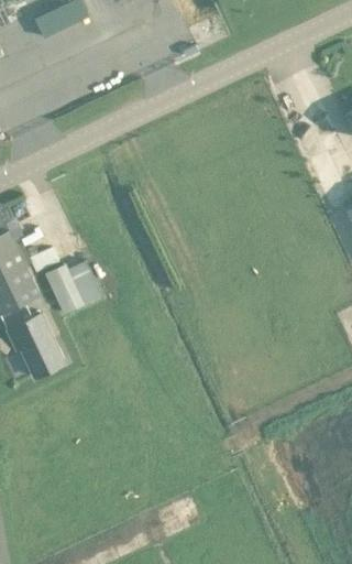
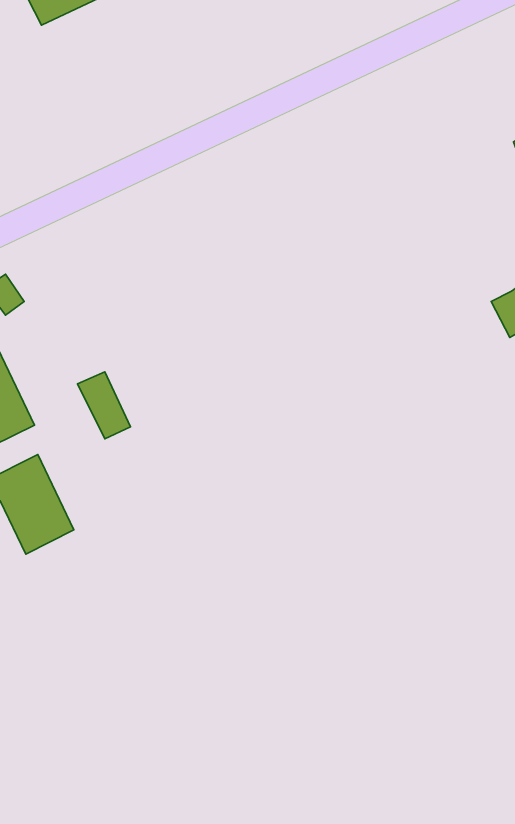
building: [44,262,85,313] -> none

